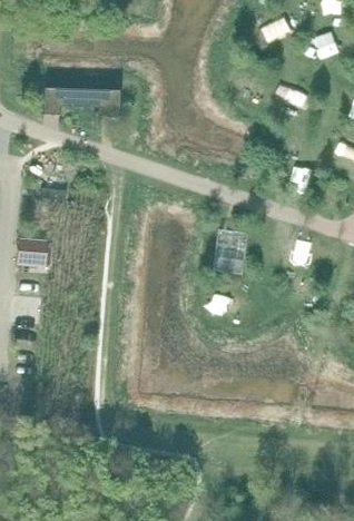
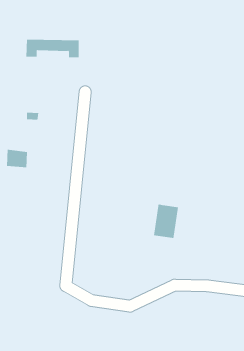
building: [214,227,249,275] -> [153,204,179,239]

